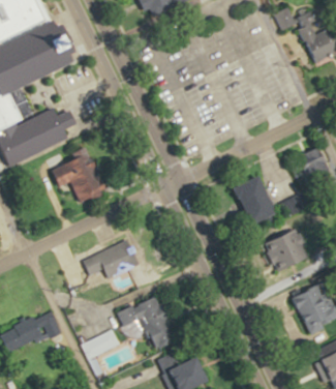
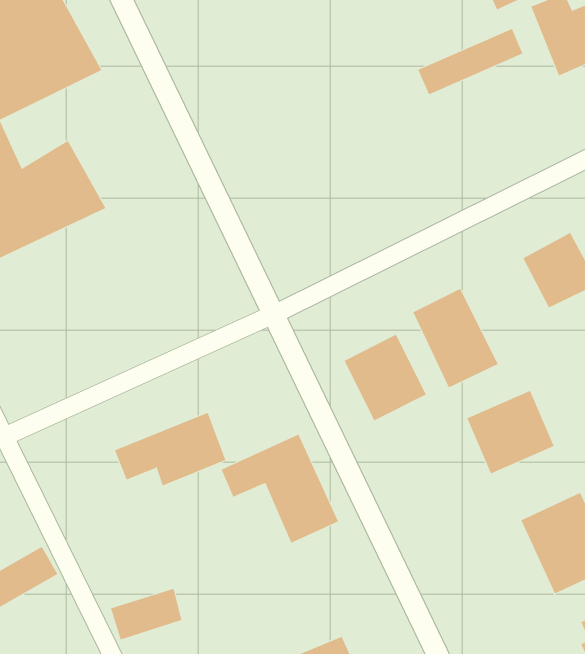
building: none -> [418,28,523,95]
building: [49,148,105,203] -> none
building: none -> [344,334,426,421]
building: [116,295,177,352] -> [221,434,339,544]

